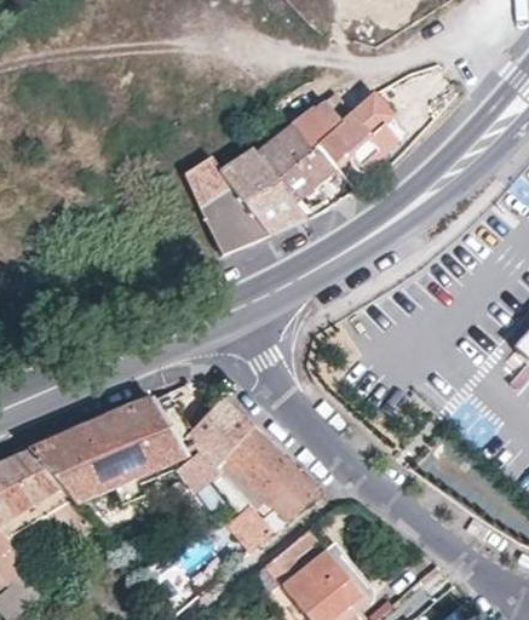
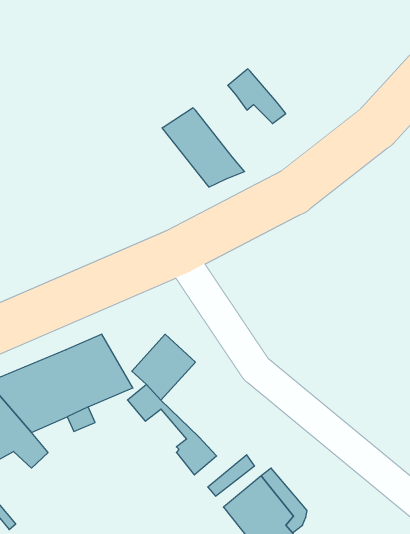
building: [311,94,406,171] -> none
building: [252,126,335,203] -> none
building: [180,156,266,257] -> none
building: [214,426,320,521] -> none

